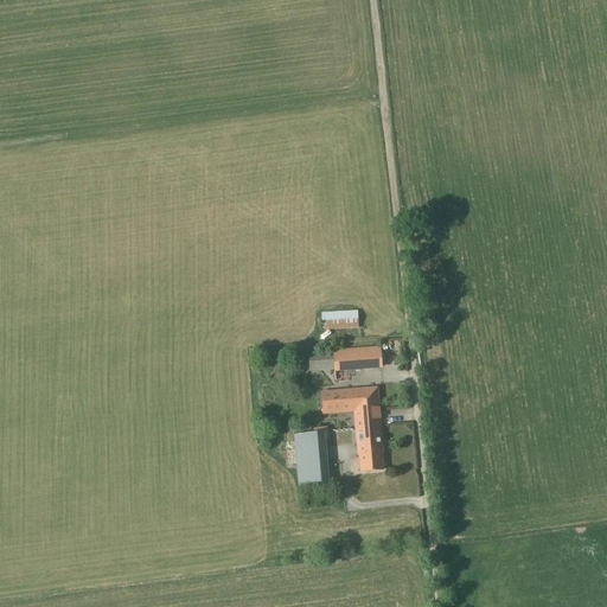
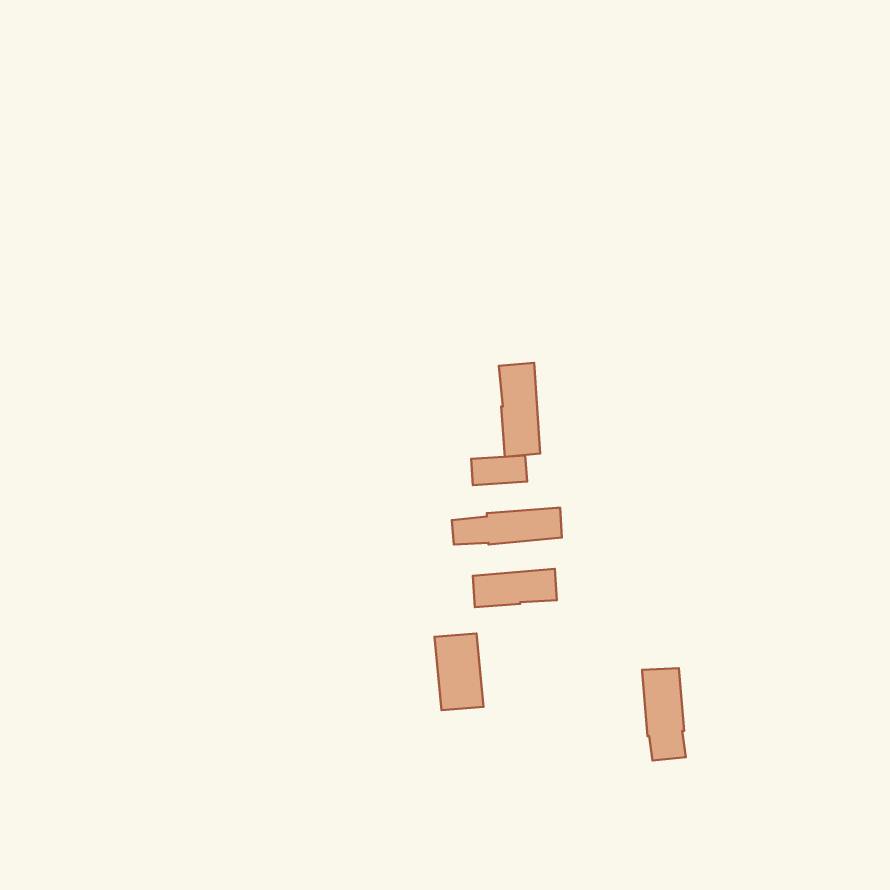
building: none -> [499,363,540,457]
building: [354,408,384,471] -> [642,668,686,761]

